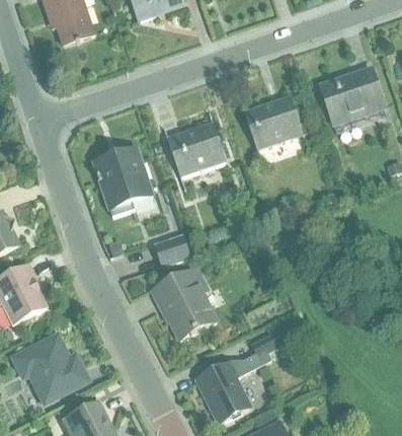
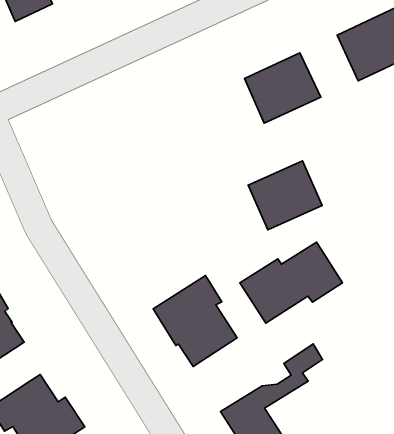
building: [167,123,225,175] -> [248,161,322,230]
building: [94,147,156,216] -> none
building: [154,233,188,266] -> none
building: none -> [240,242,342,323]

